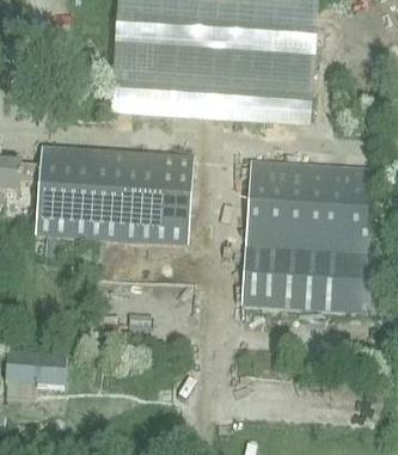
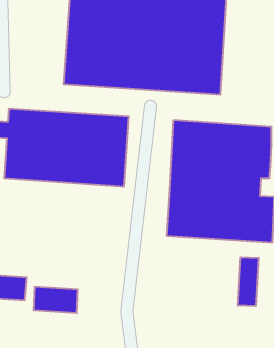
building: none -> [238,257,259,306]
building: none -> [34,287,78,313]

